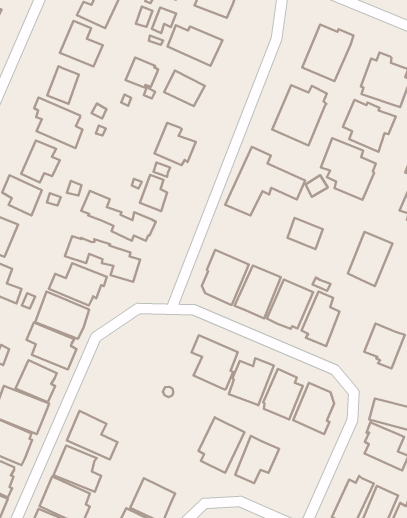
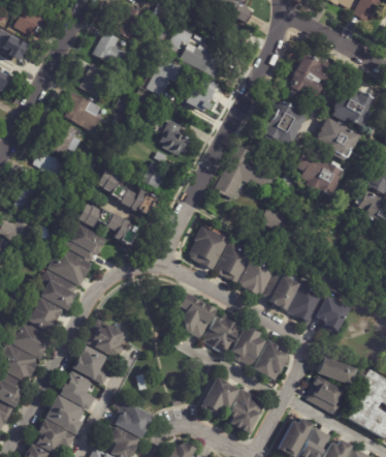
building: [348,232,393,286] -> [289,279,327,324]
building: none -> [85,324,125,361]
building: [199,417,245,473] -> [229,389,267,434]

